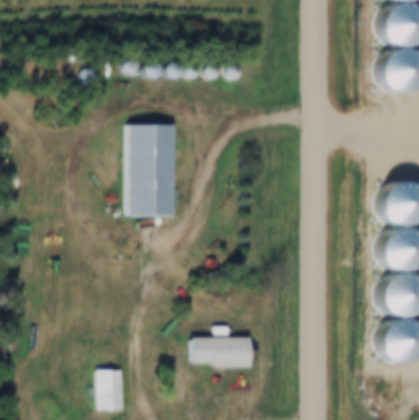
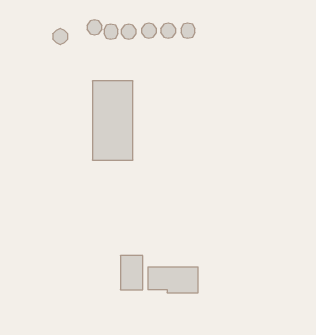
building: [101,369,126,408] -> [120,256,143,290]

